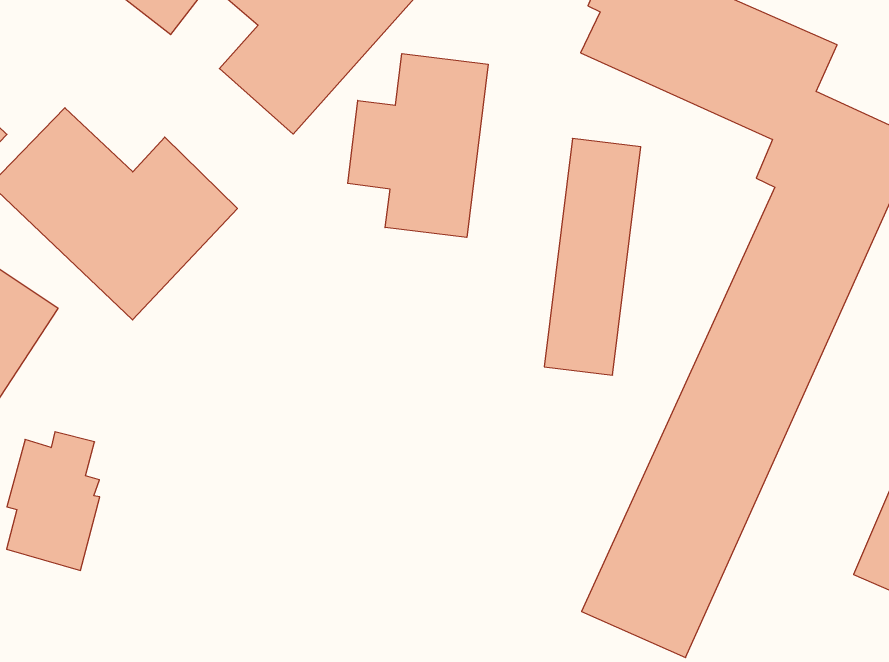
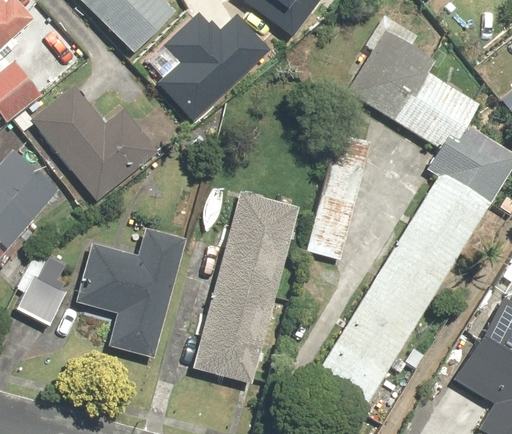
building: [348,54,488,237] -> none
building: none -> [192,190,299,384]
building: none -> [77,230,185,359]

